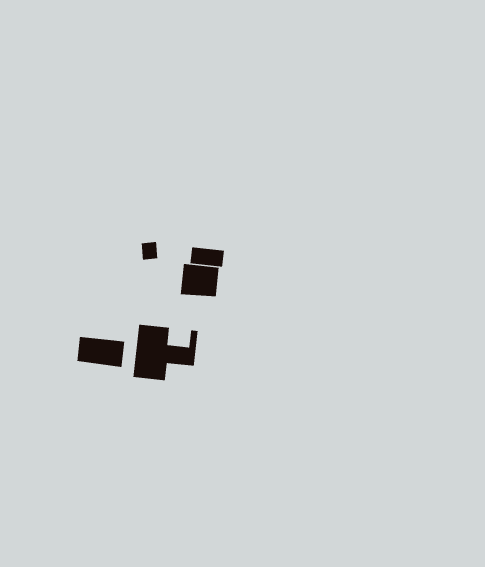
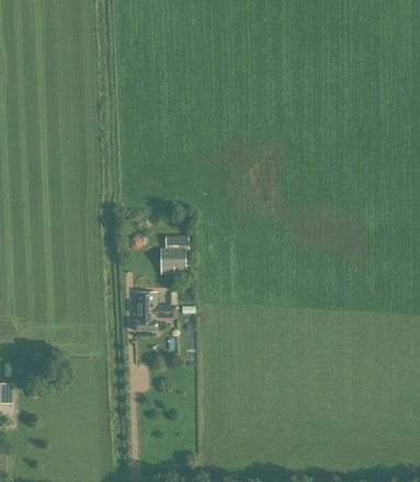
building: [76,336,125,368] -> none

